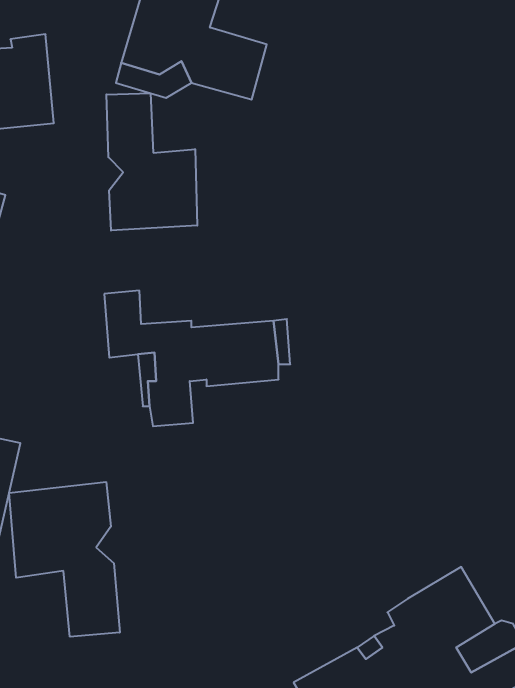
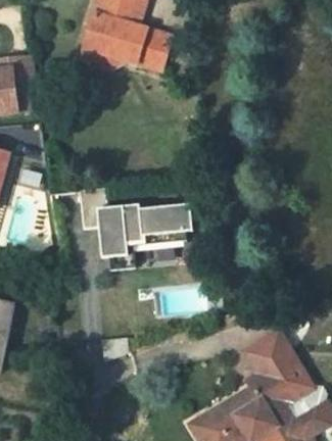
building: [106,93,197,231] -> none
building: [9,482,120,637] -> none
building: none -> [241,344,287,385]

